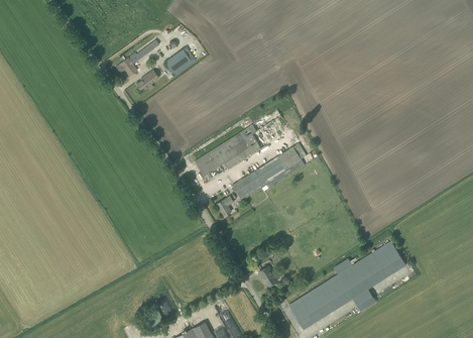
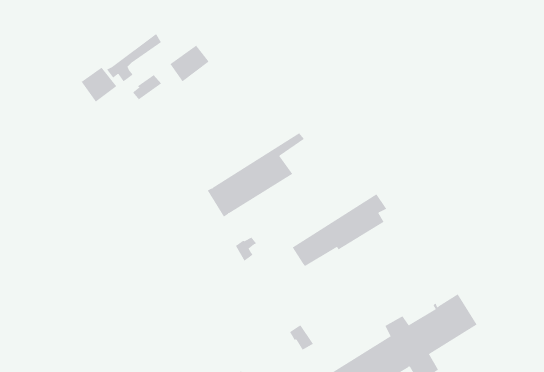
building: none -> [81,67,117,102]
building: [232,142,307,200] -> [292,193,387,267]

